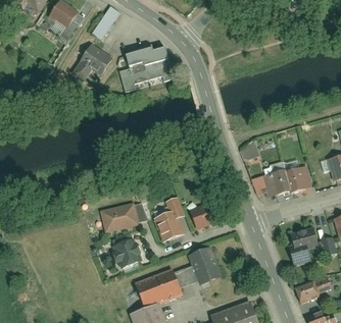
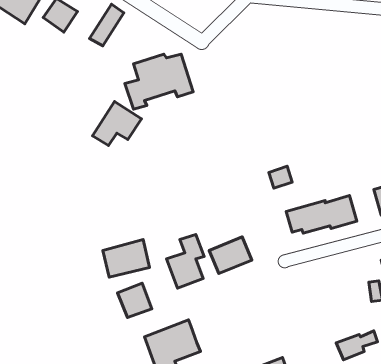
building: [71,43,112,79] -> [93,102,141,145]
building: [288,225,319,263] -> none
building: [174,246,222,287] -> none

